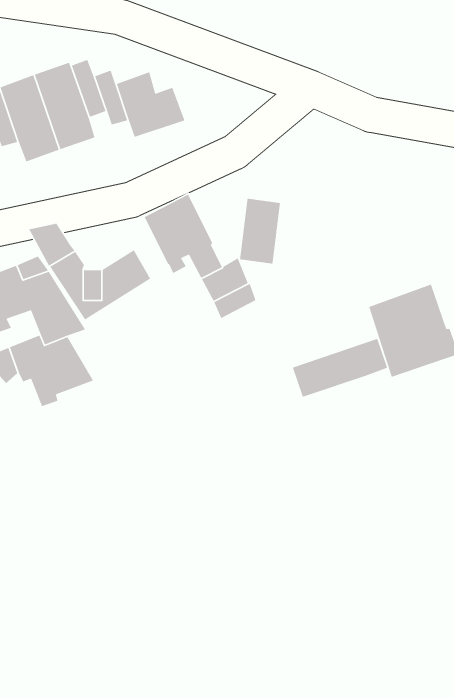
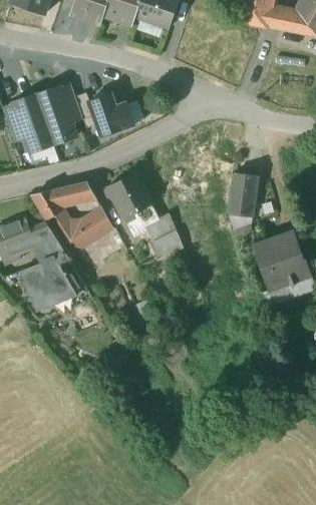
building: [239,198,281,265] -> [229,173,256,216]
building: none -> [50,182,94,205]
building: [292,338,388,397] -> none

